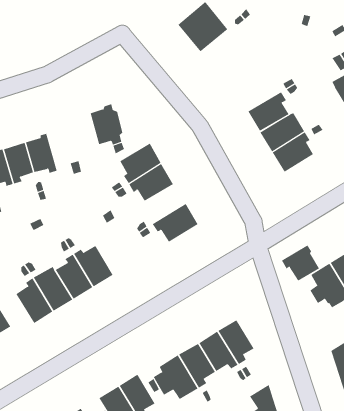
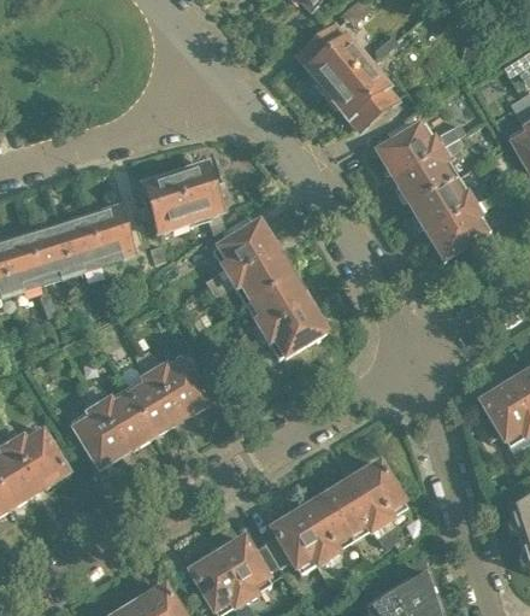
building: none -> [328,60,396,129]
building: none -> [376,118,440,174]
building: none -> [142,176,188,235]
building: none -> [251,274,308,329]
building: [281,244,320,282] -> none

